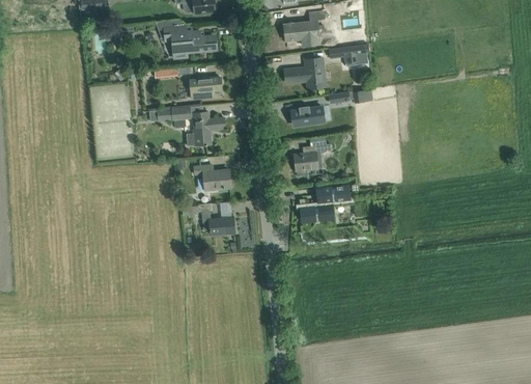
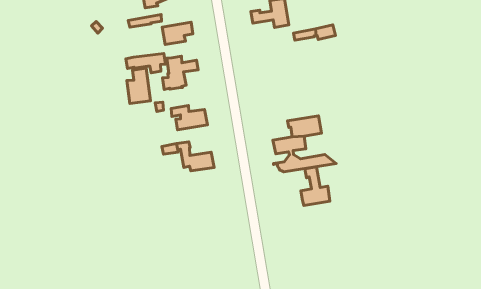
building: [291,106,325,124] -> none
building: none -> [127,68,151,103]
building: [295,143,332,176] -> none
building: none -> [301,167,330,205]

